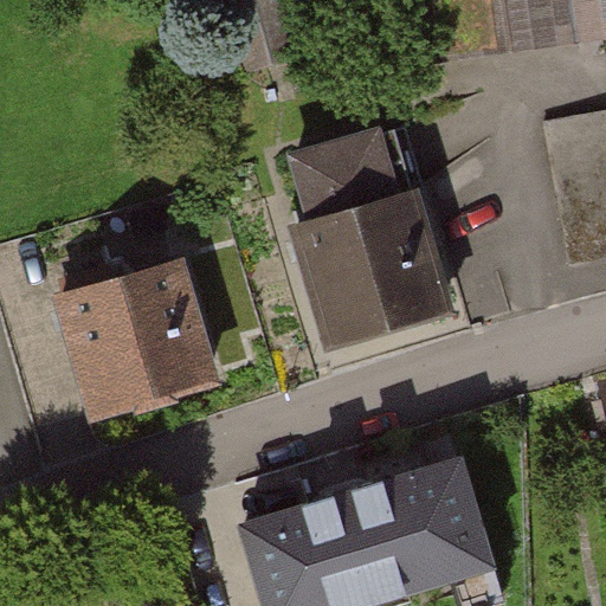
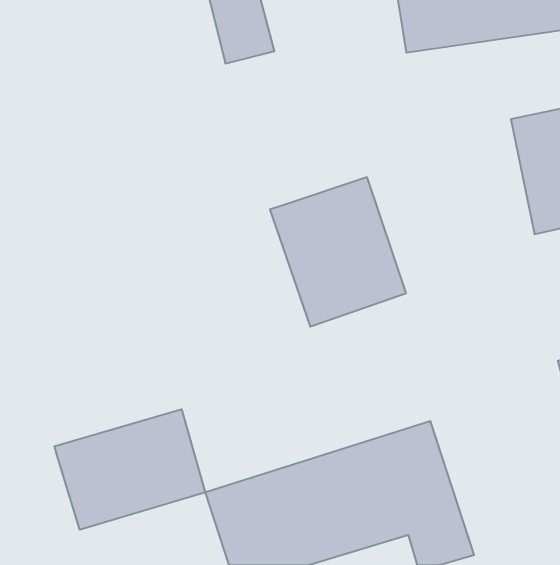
building: [291,128,400,218] -> none
building: [62,258,213,423] -> none
building: none -> [54,409,205,530]

